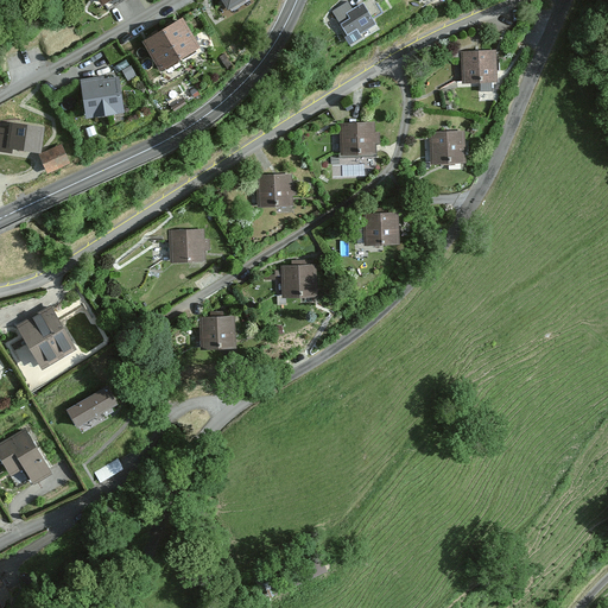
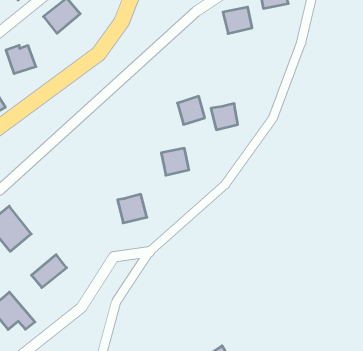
building: [341,121,379,157] -> none
building: [425,129,463,163] -> [223,7,252,34]
building: [264,173,299,210] -> [177,96,205,124]
building: [172,230,210,262] -> none

